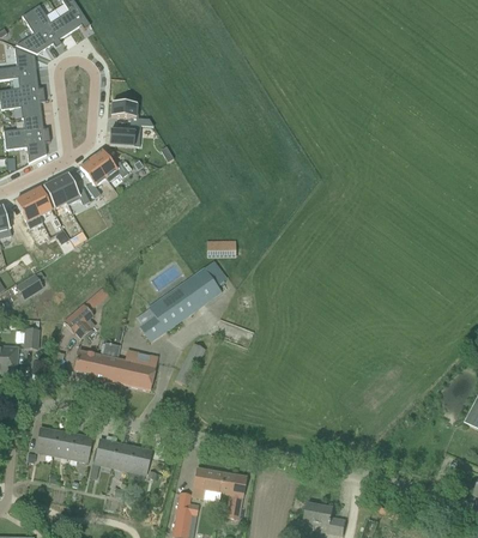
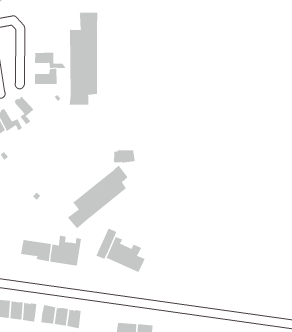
building: none -> [69,12,98,106]
building: [90,150,127,182] -> none
building: [62,303,93,338] -> none
building: none -> [106,236,145,273]

